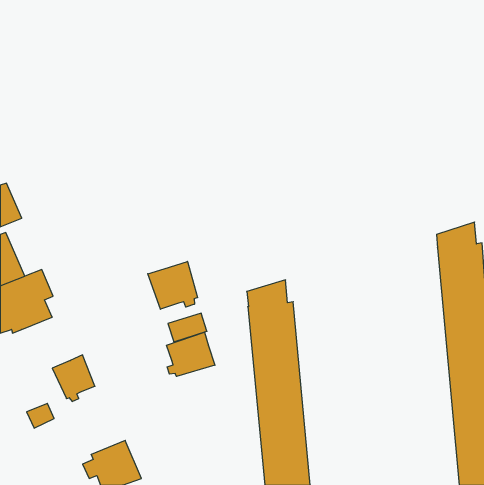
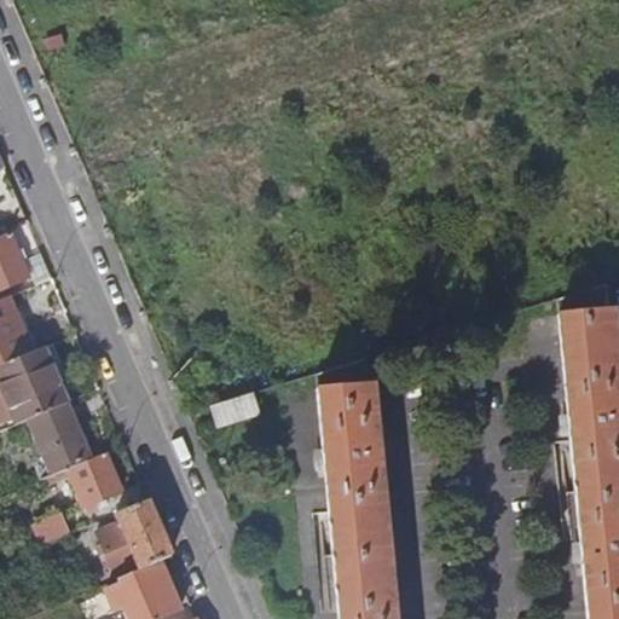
building: [148,261,198,309] -> none
building: none -> [29,404,91,475]
building: [167,332,215,376] -> none
building: none -> [97,502,172,579]

